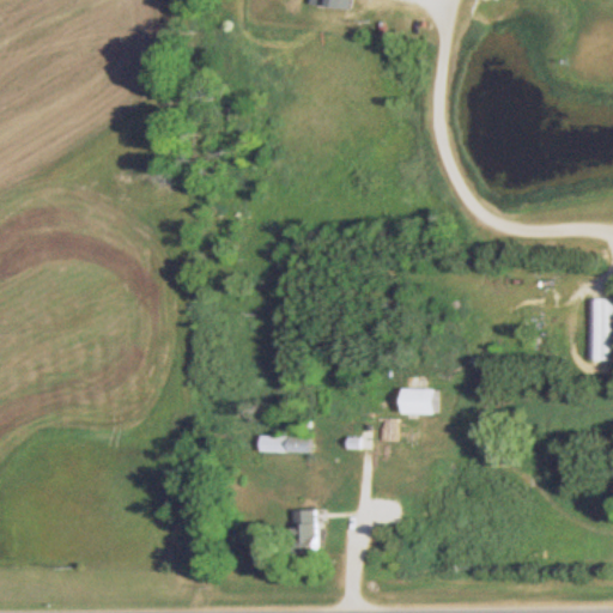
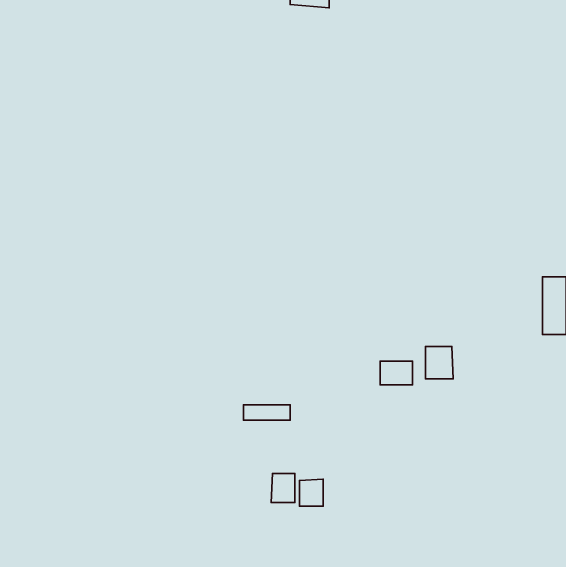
building: none -> [426,347,453,379]
building: none -> [299,479,323,506]

